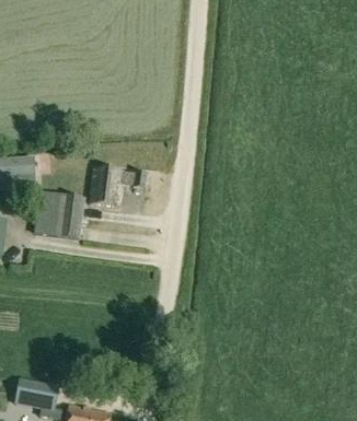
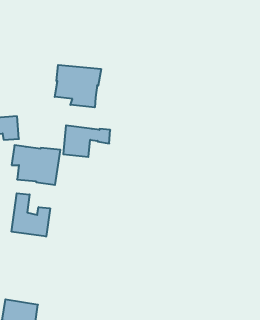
building: none -> [55,65,101,107]
building: none -> [12,193,50,237]

